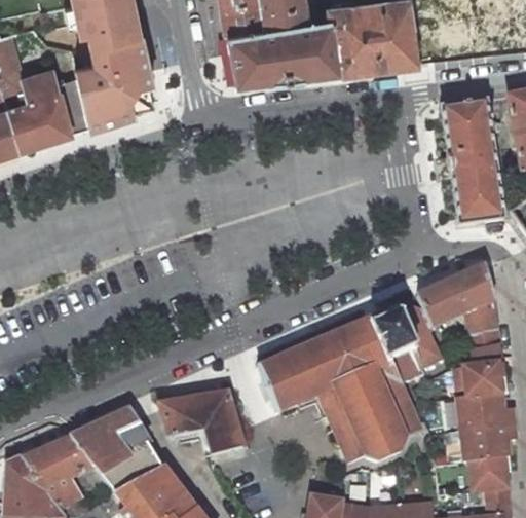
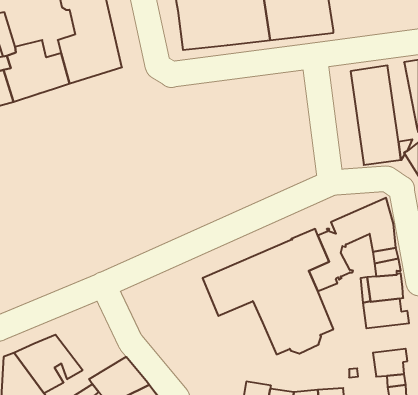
building: [159,392,241,462] -> none
building: [72,412,160,492] -> none
building: [460,422,516,460] -> none

